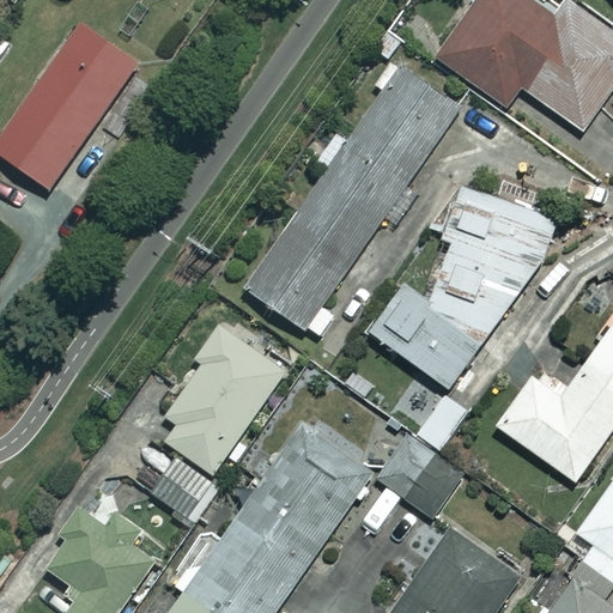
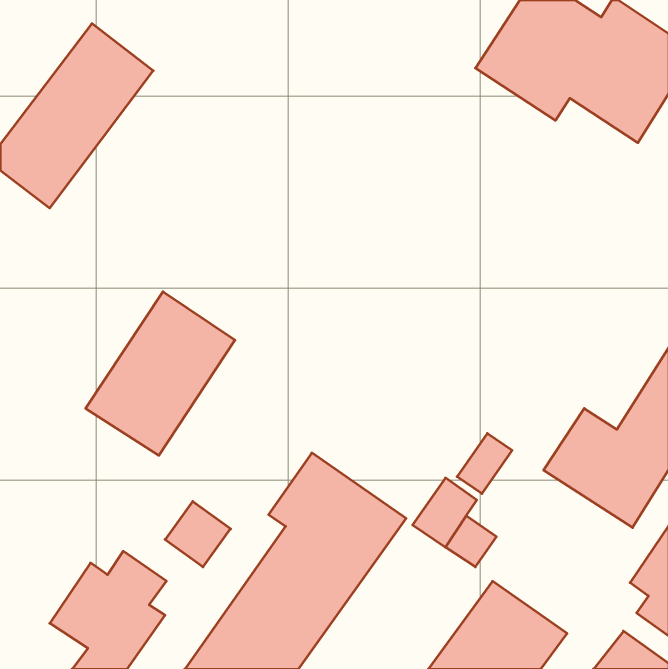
building: [244,65,461,340] -> none
building: [371,187,564,389] -> none
building: [148,324,285,474] -> [86,292,235,455]

